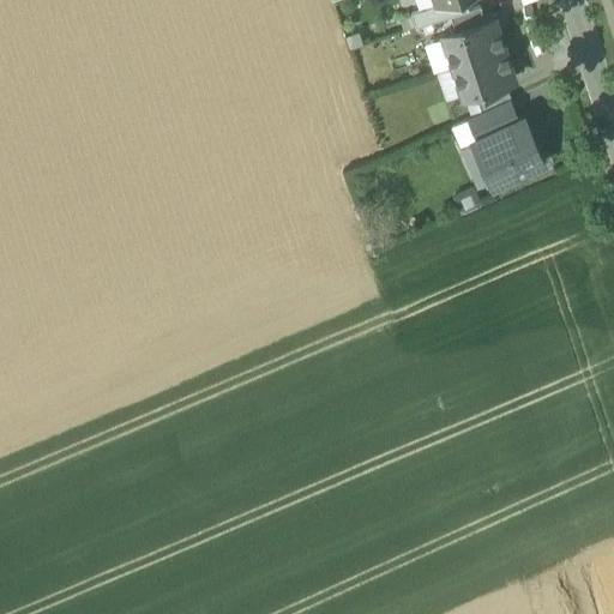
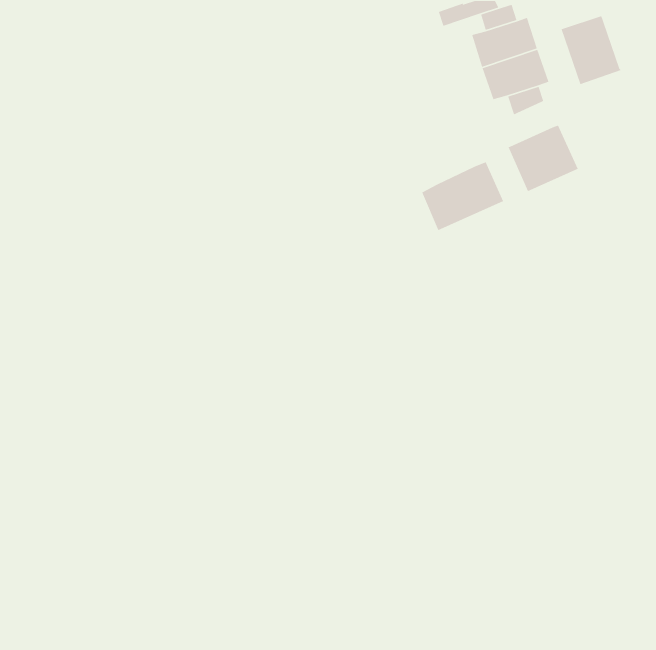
building: none -> [561,15,622,85]
building: [466,101,516,142] -> none
building: none -> [421,161,504,231]

